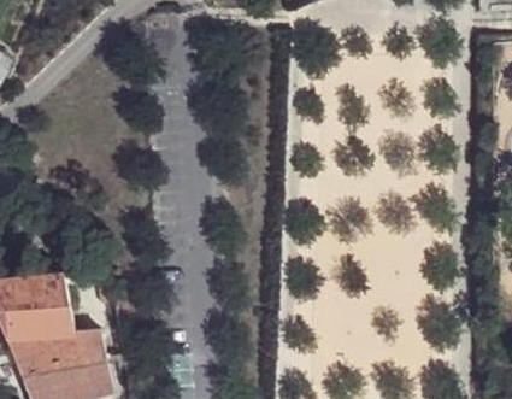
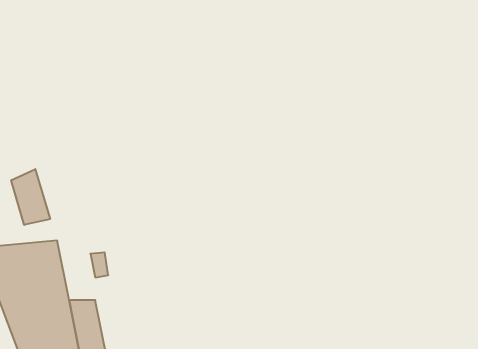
building: none -> [11,169,50,225]

